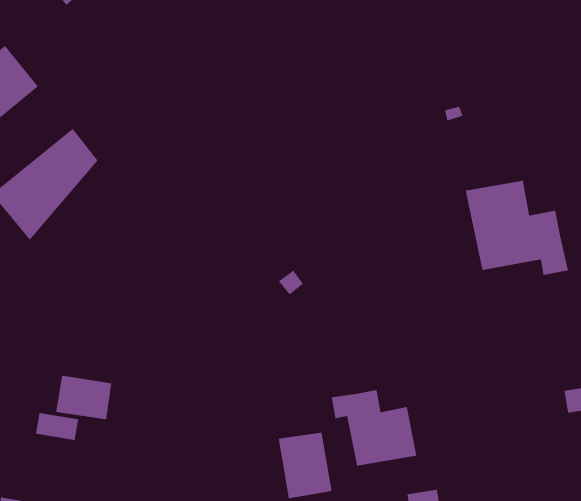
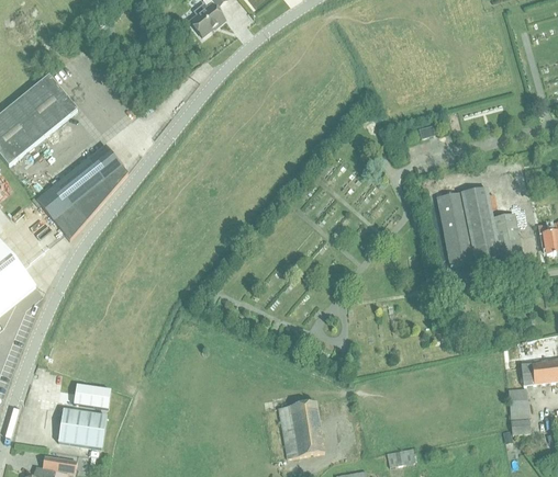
building: [55,375,112,420] -> [58,409,107,447]
building: [331,389,417,467] -> none
building: none -> [509,387,531,434]

